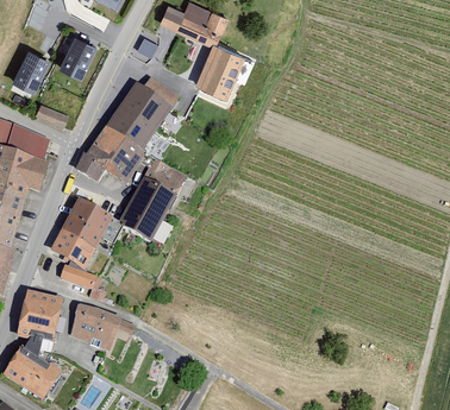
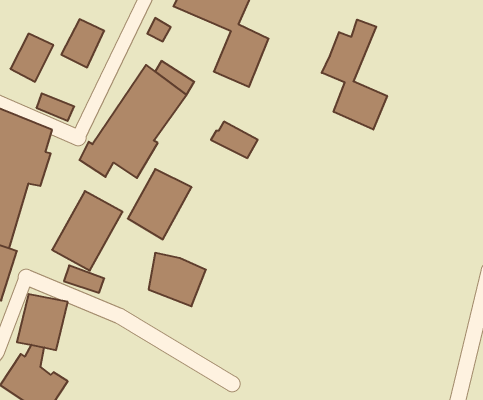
building: none -> [322,20,387,130]
building: [143,158,186,191] -> [211,122,258,158]
building: [70,302,123,351] -> [149,253,206,306]

